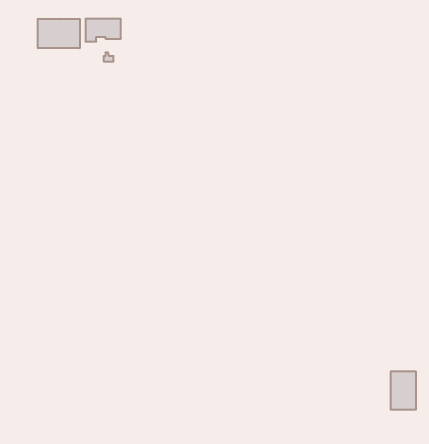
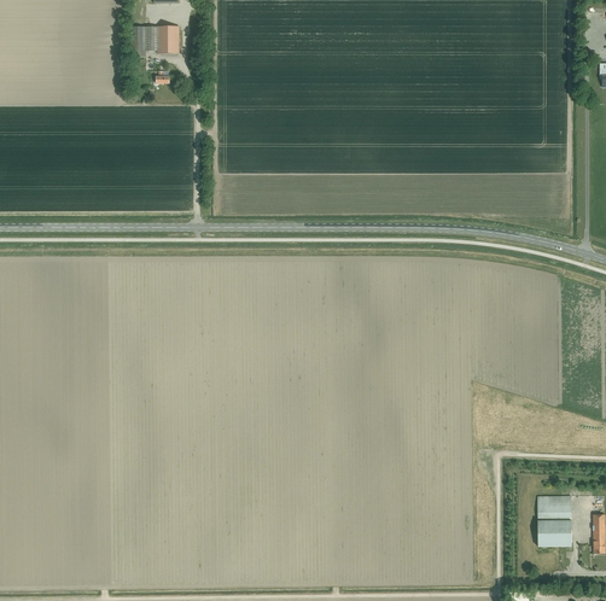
building: [38,19,80,48] -> none

